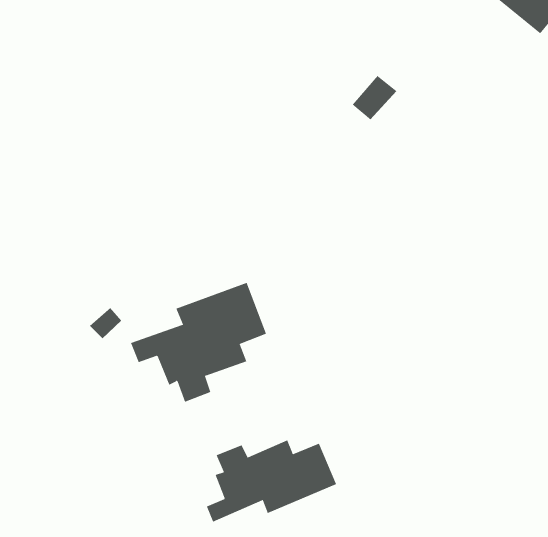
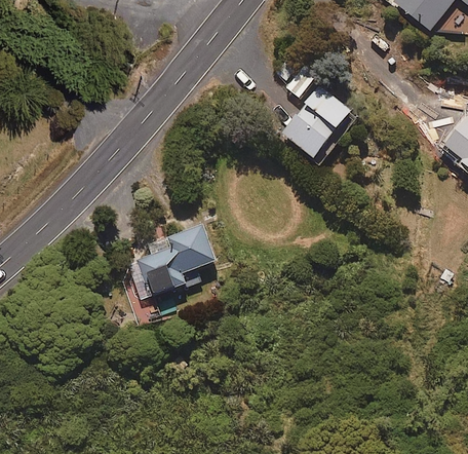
building: none -> [279,83,351,157]
building: [206,439,337,522] -> none

